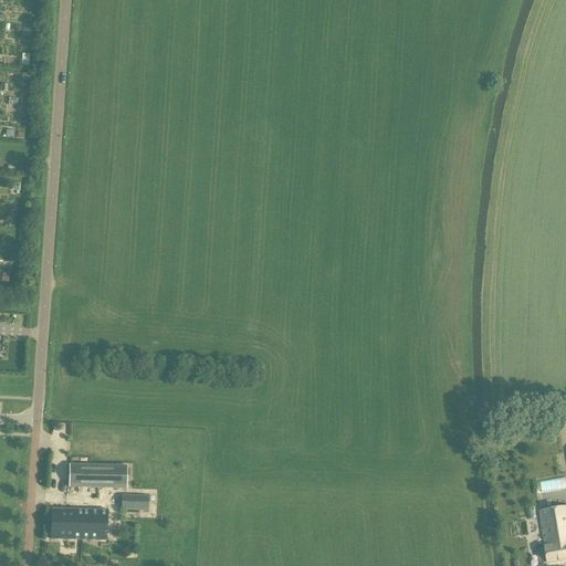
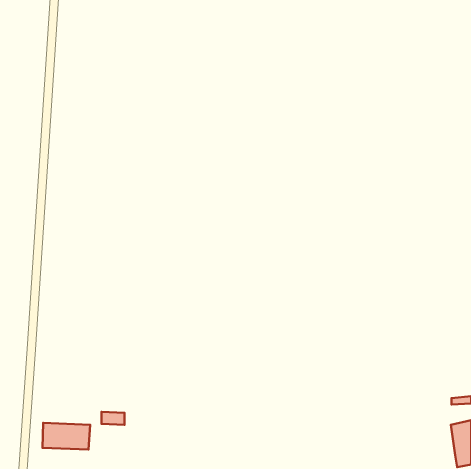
building: [70,463,127,488] -> none

